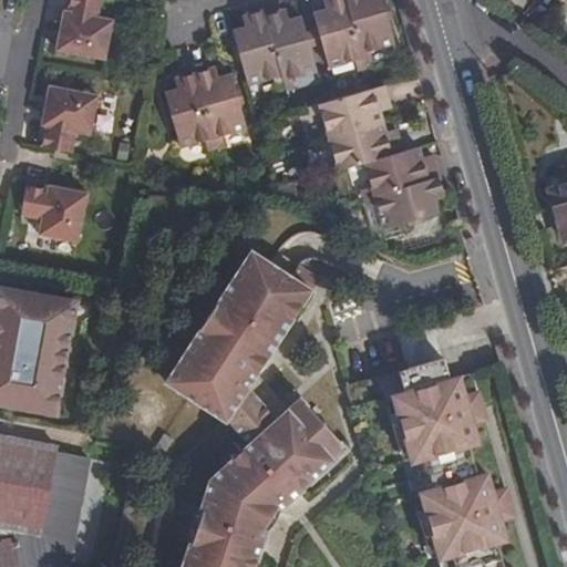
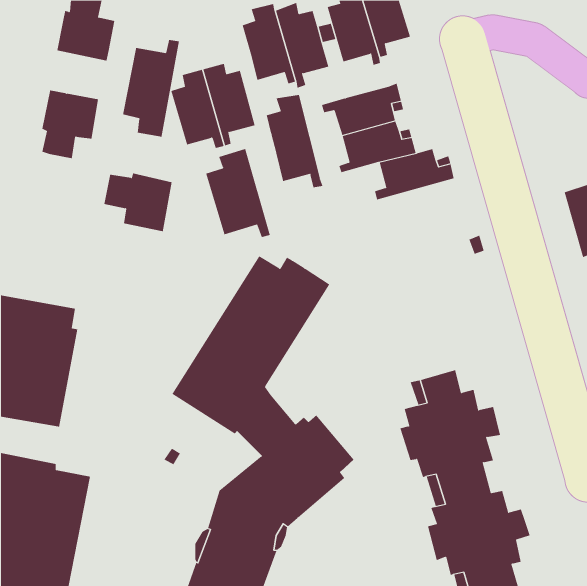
building: none -> [122,39,180,138]
building: none -> [266,94,323,188]
building: none -> [206,148,270,238]
building: [363,174,444,223] -> none
building: [20,187,86,244] -> [104,173,173,232]

